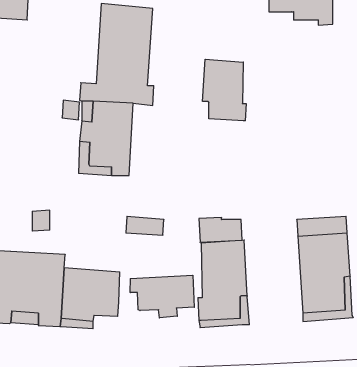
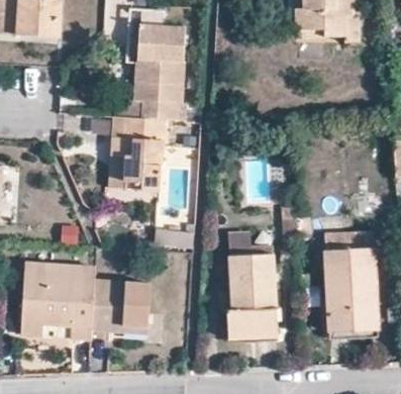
building: [203,59,246,121] -> none
building: [130,275,194,318] -> none

